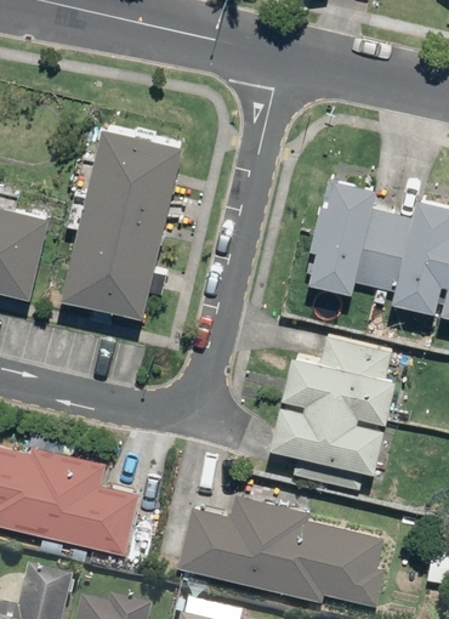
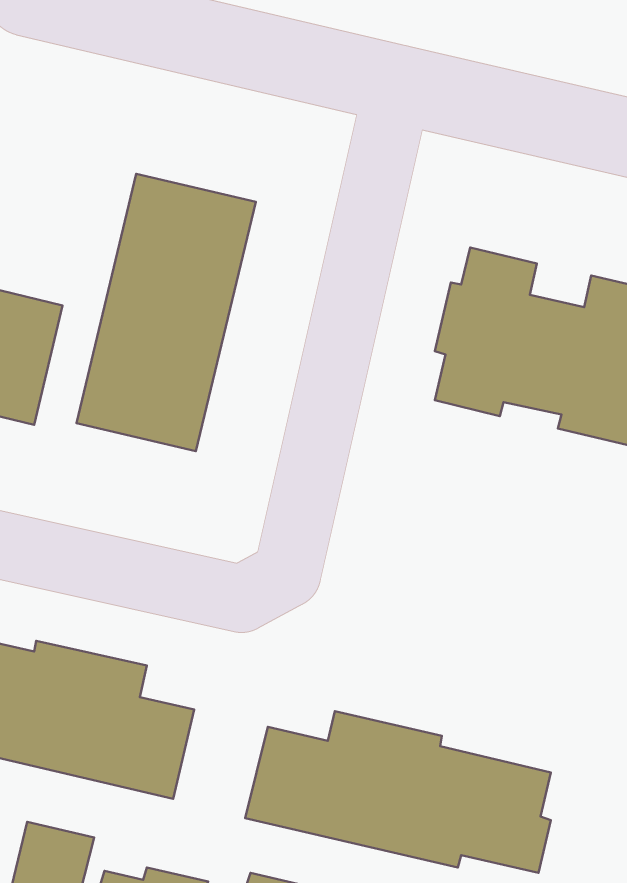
building: [269,337,398,492] -> none

